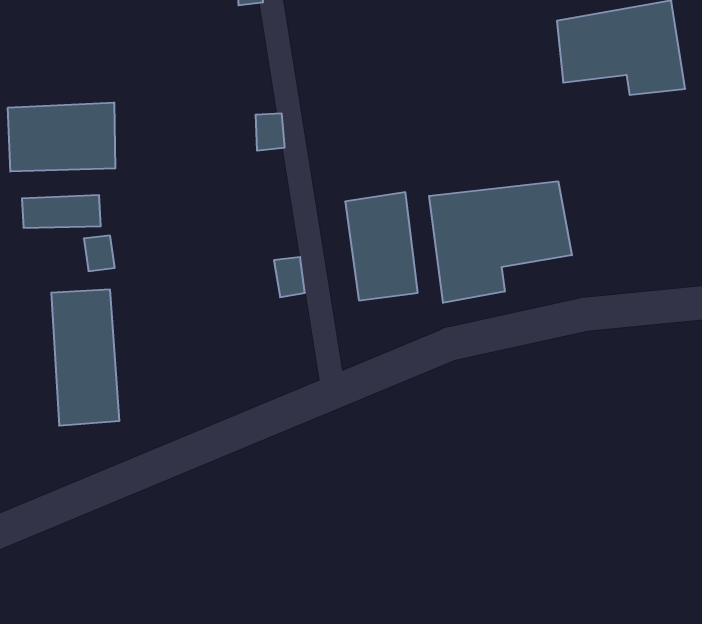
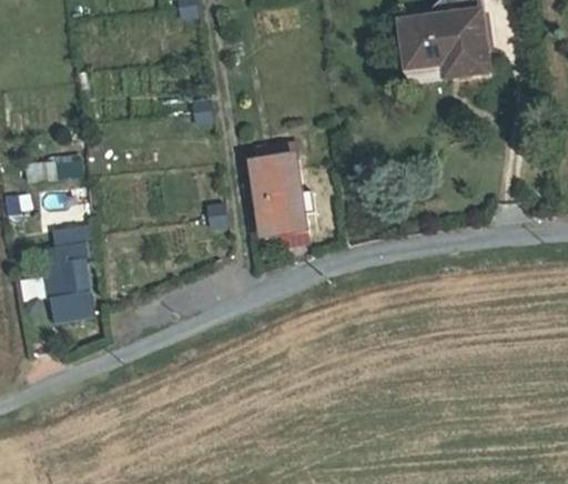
building: [8,102,115,172] -> none
building: [429,181,572,303] -> none

